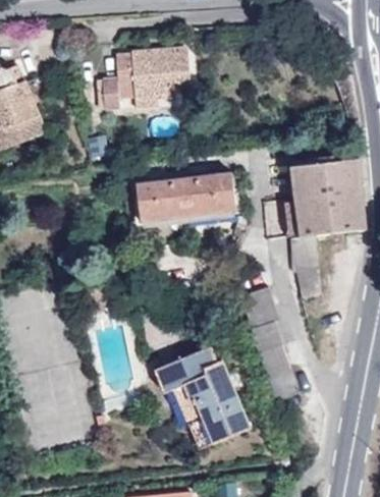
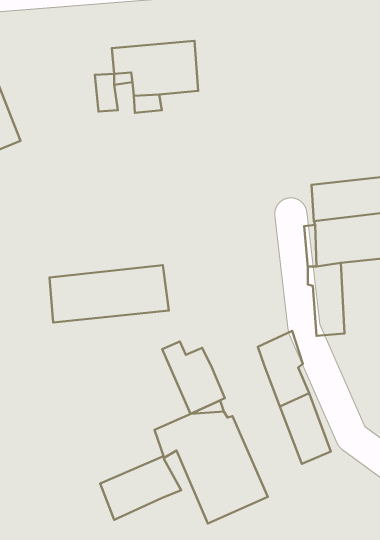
building: [142,173,241,221] -> [50,265,169,323]
building: none -> [162,341,225,414]
building: none -> [100,456,181,520]

